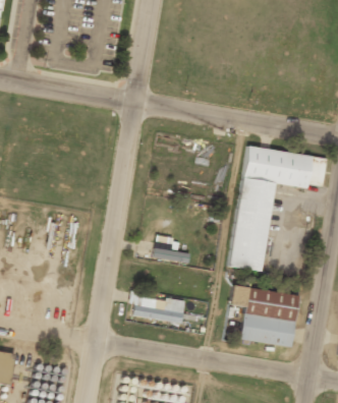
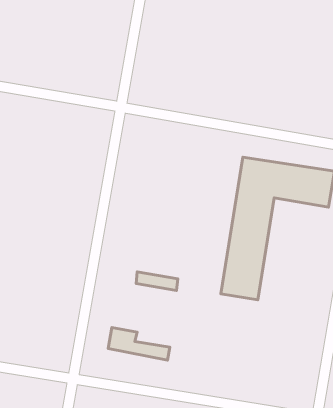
building: [231,286,299,347] -> none

